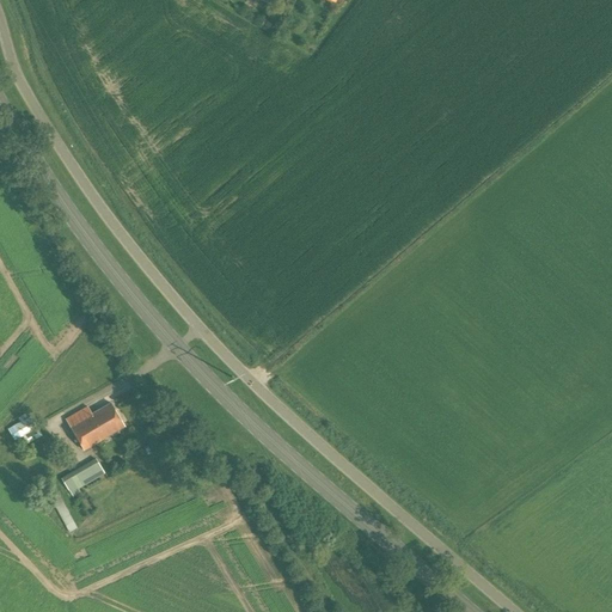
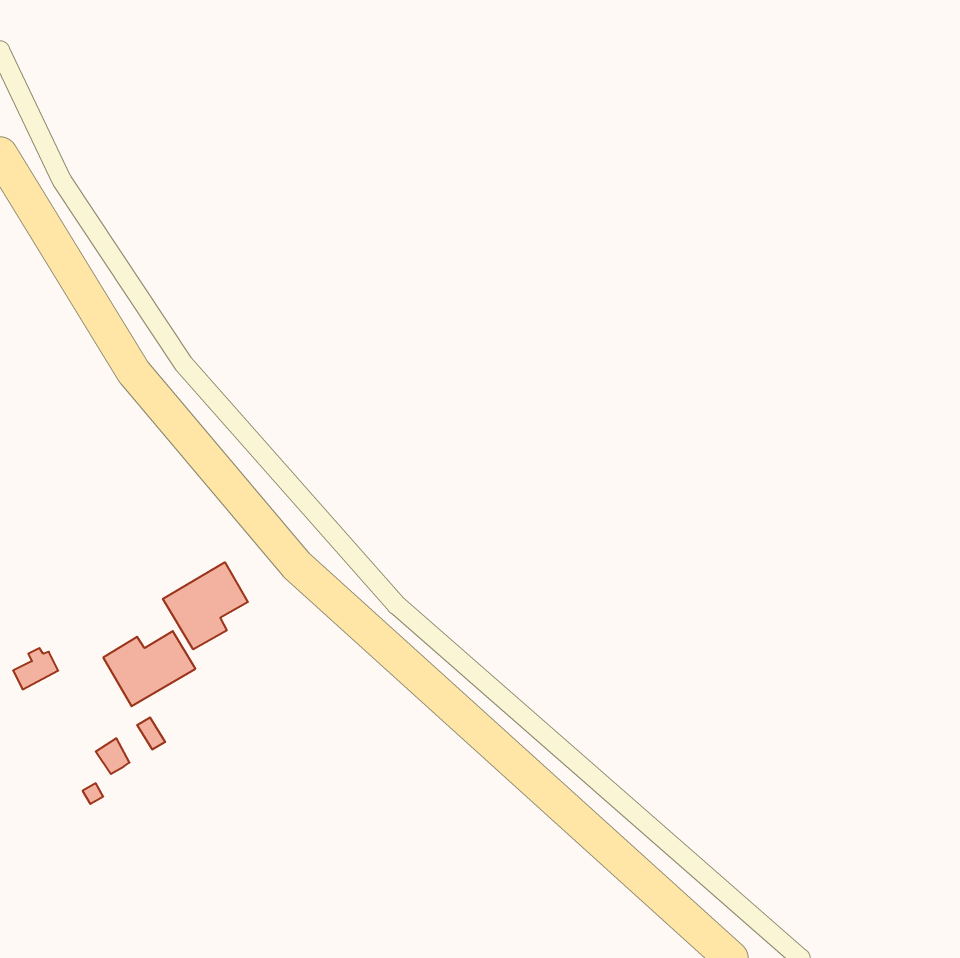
building: none -> [163,562,248,649]

